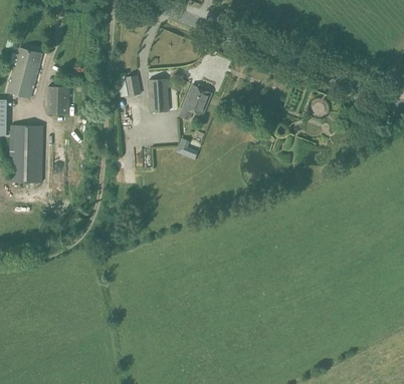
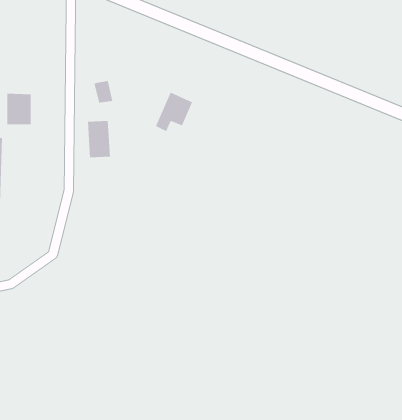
building: [149,78,170,111] -> [87,120,111,158]

